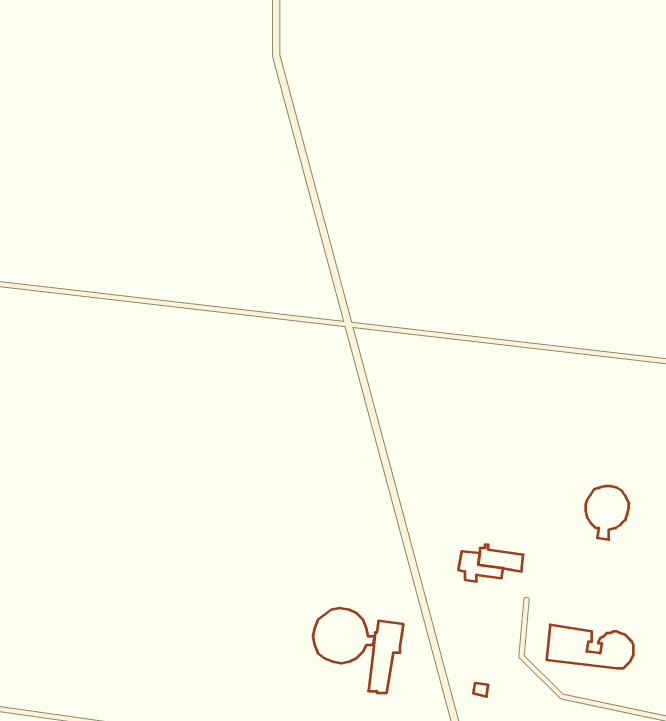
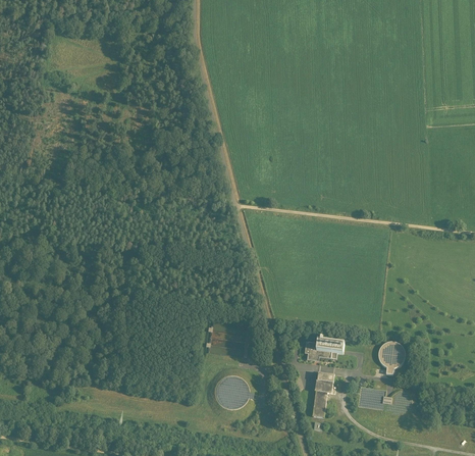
building: [586,486,629,540] -> [378,341,405,373]
building: [368,621,403,693] -> [312,372,333,416]

